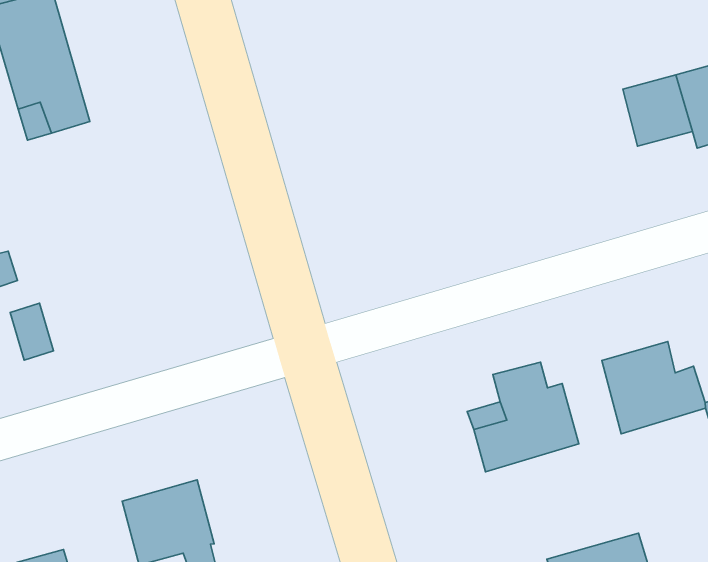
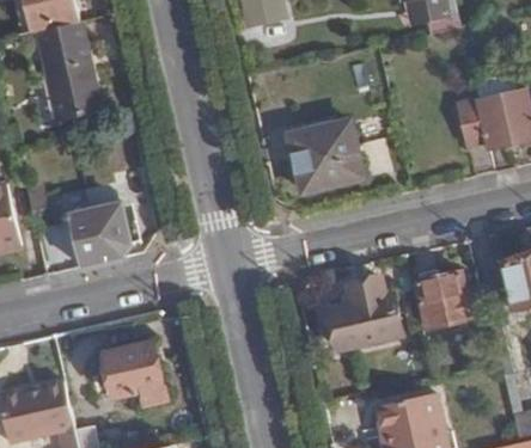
building: none -> [287,122,360,192]
building: none -> [68,203,132,266]

